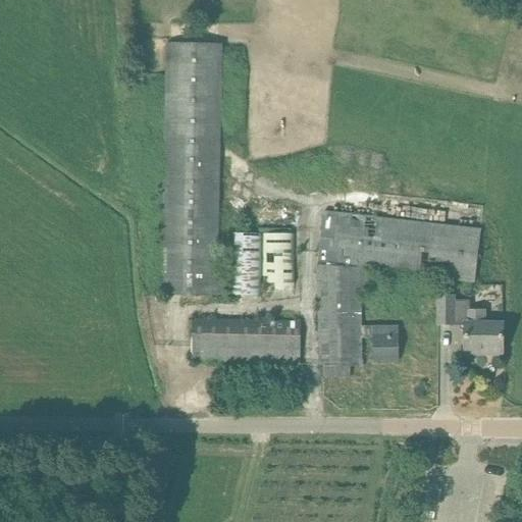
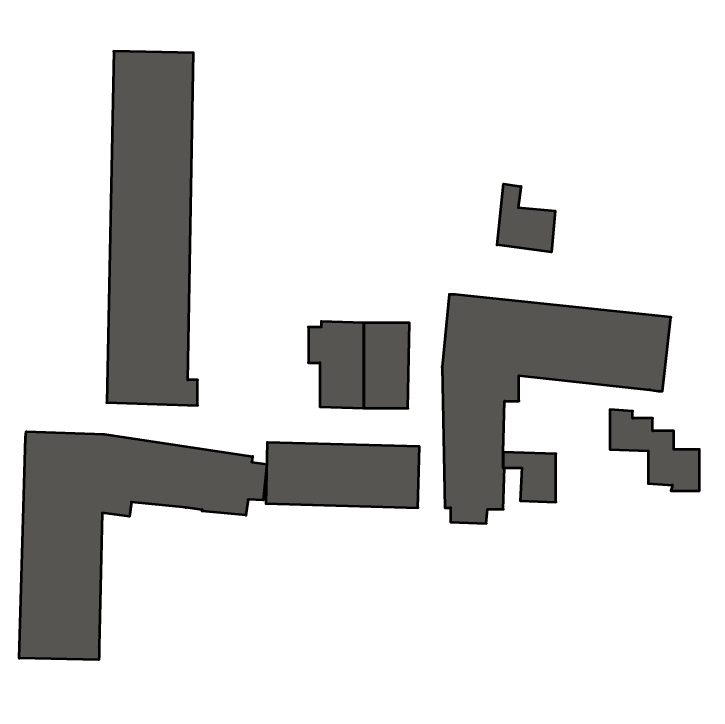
building: [160,42,225,296] -> [107,51,198,405]
building: none -> [497,184,555,252]
building: none -> [19,432,267,660]

